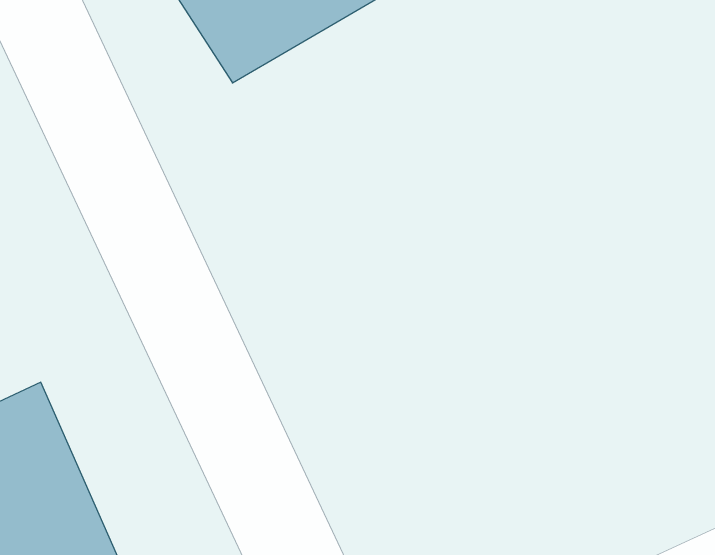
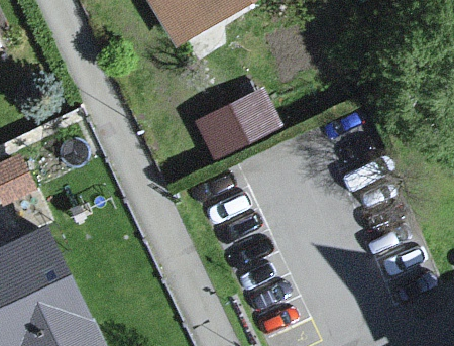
building: none -> [190,80,277,154]

